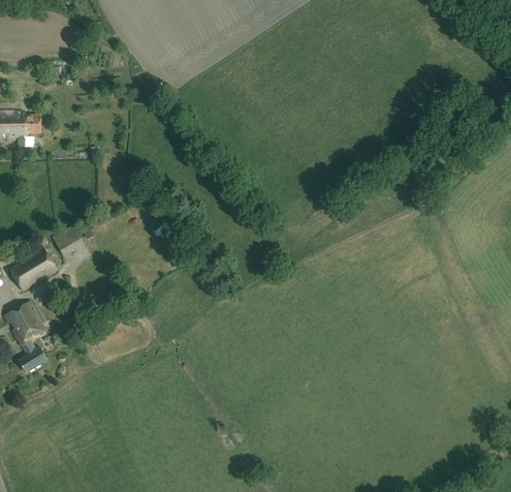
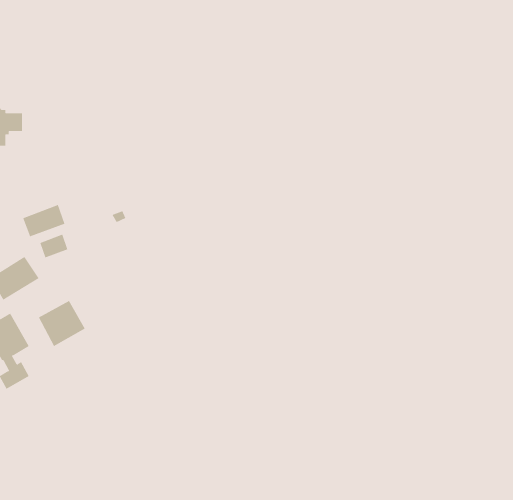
building: none -> [22,204,65,237]
building: none -> [38,300,86,347]

